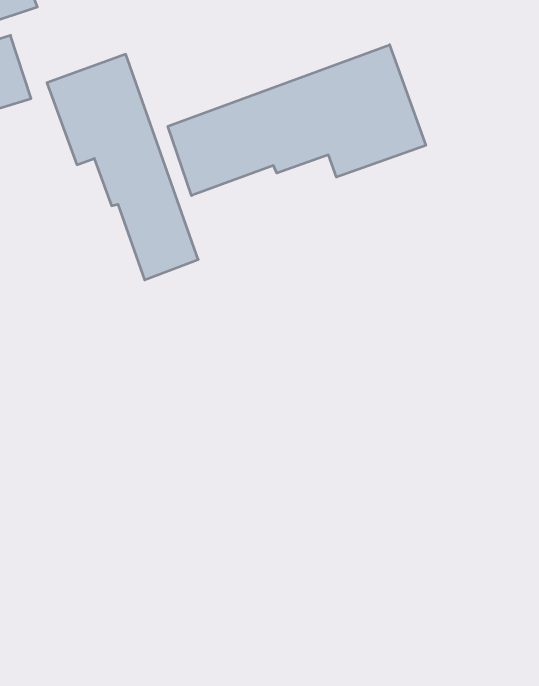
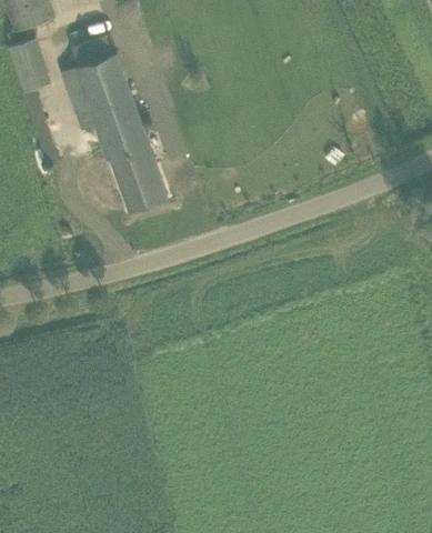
building: [168,45,426,196] -> none

